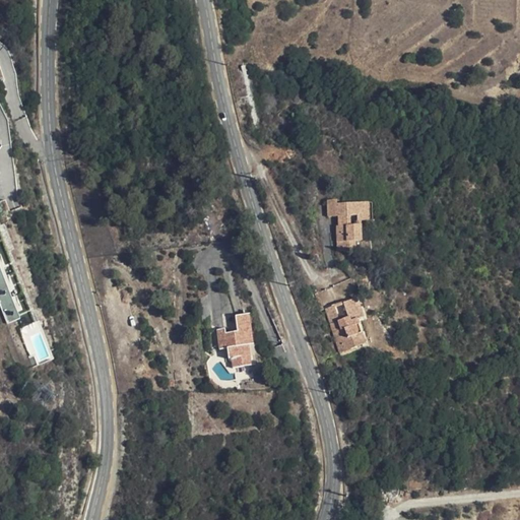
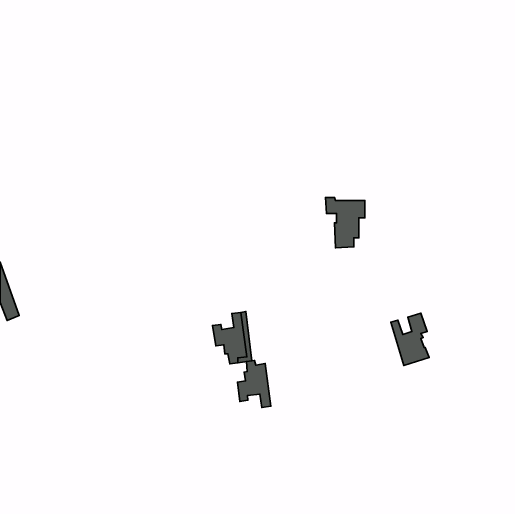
building: [327,298,366,350] -> [391,313,429,366]
building: none -> [237,360,271,408]

